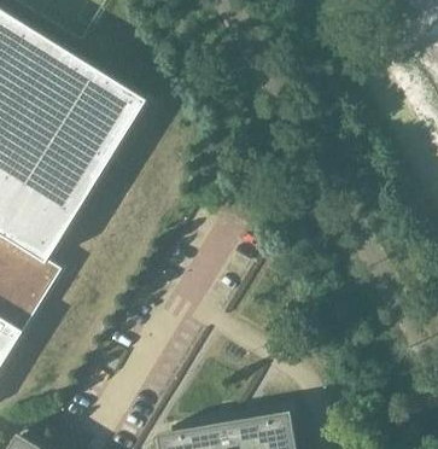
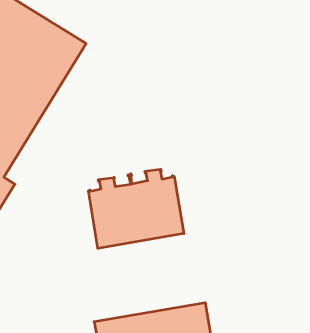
building: none -> [89,169,184,248]

